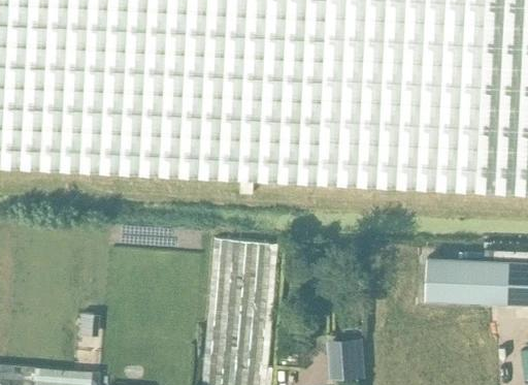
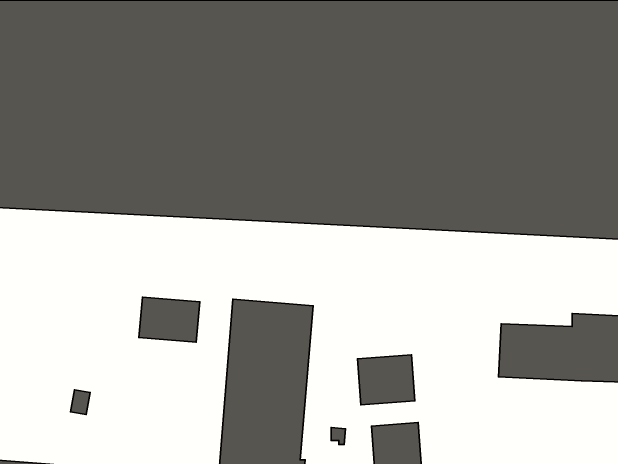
building: none -> [139,297,200,342]
building: none -> [357,355,415,405]

